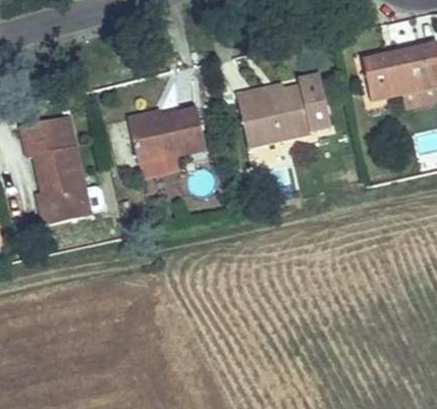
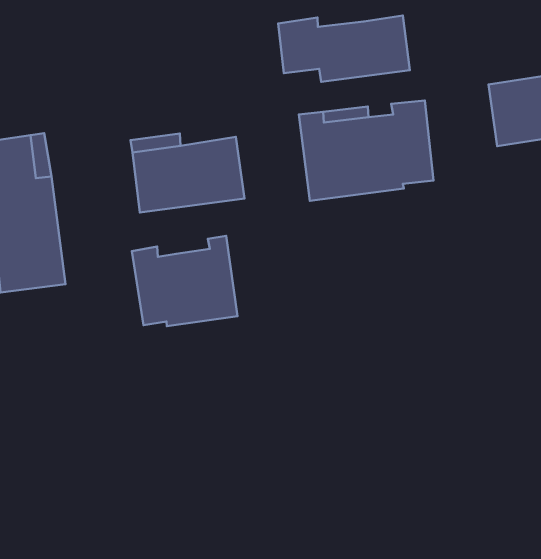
building: none -> [278,16,410,82]
building: none -> [132,236,237,326]

